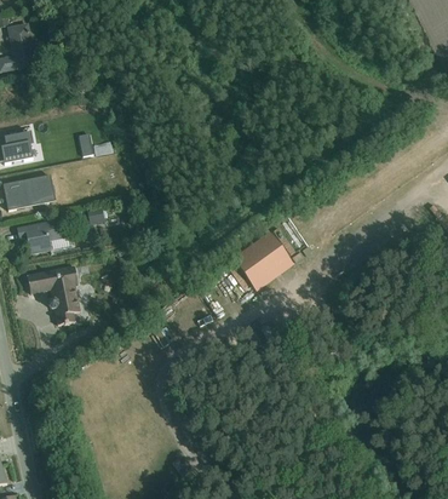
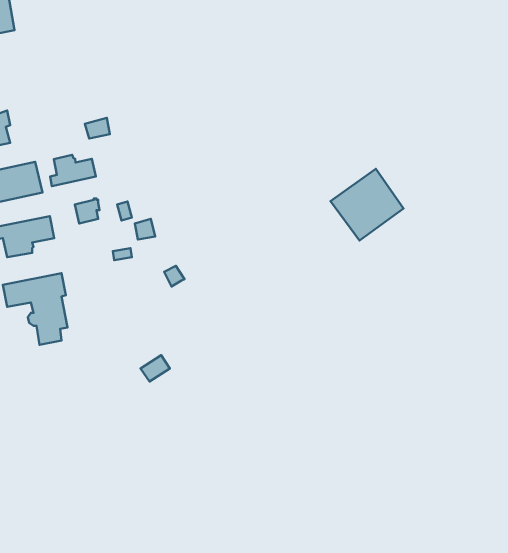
building: none -> [50,155,96,186]
building: [231,231,292,291] -> [330,169,404,241]

